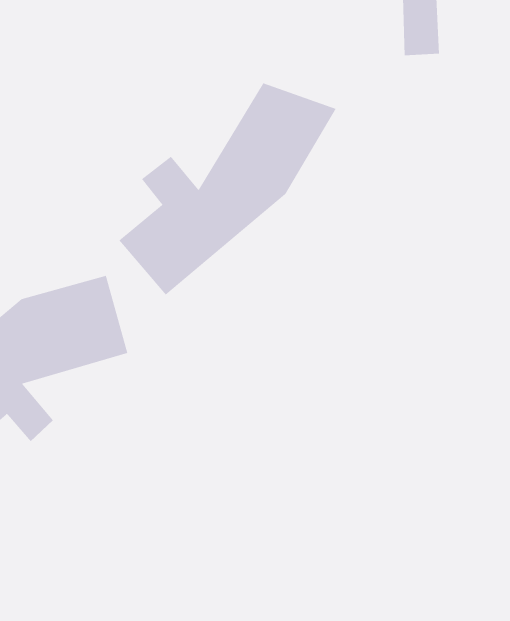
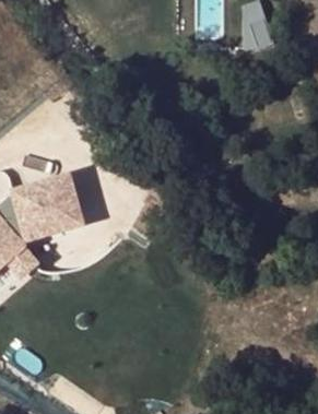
building: [118,82,336,295] -> none

